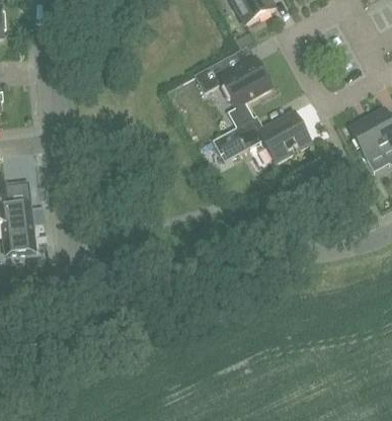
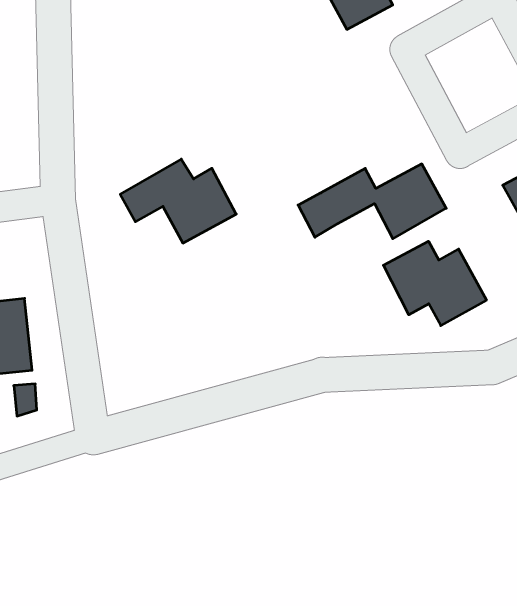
building: [194,51,271,106] -> [120,159,236,243]
building: none -> [383,241,486,326]

